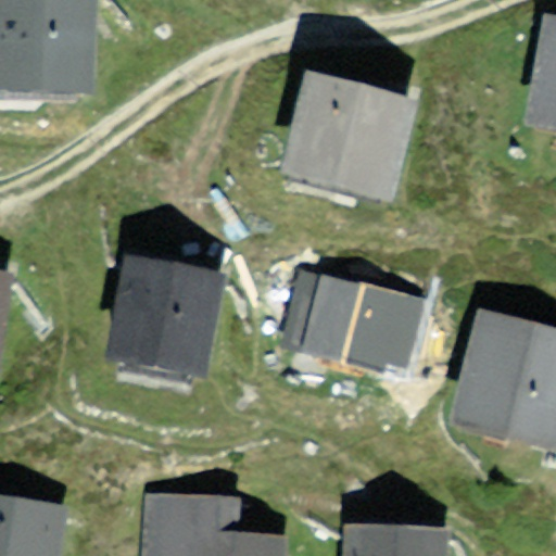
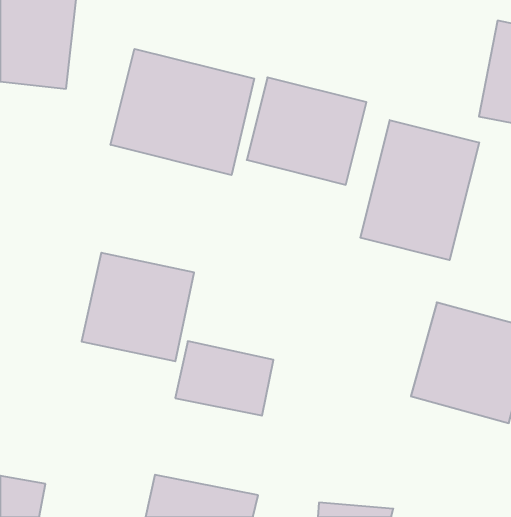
building: none -> [111,49,254,175]
building: none -> [360,120,479,260]
building: [298,288,401,366] -> [175,341,273,416]

